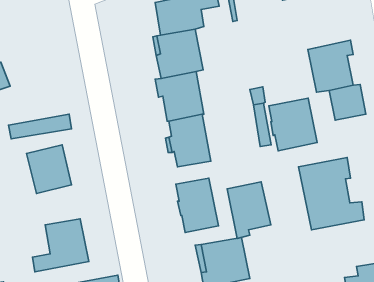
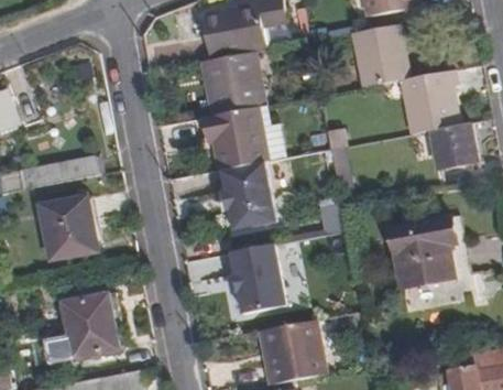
building: none -> [352,22,411,84]
building: [269,98,317,151] -> none
building: [227,182,271,238] -> none

